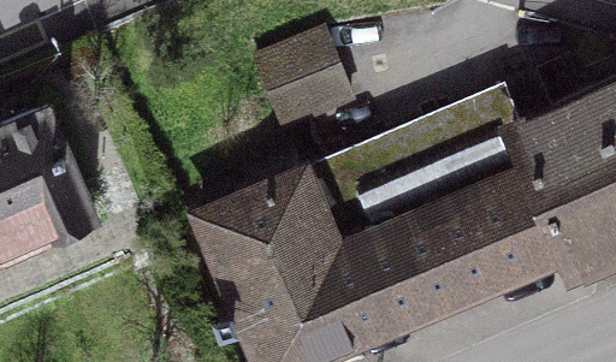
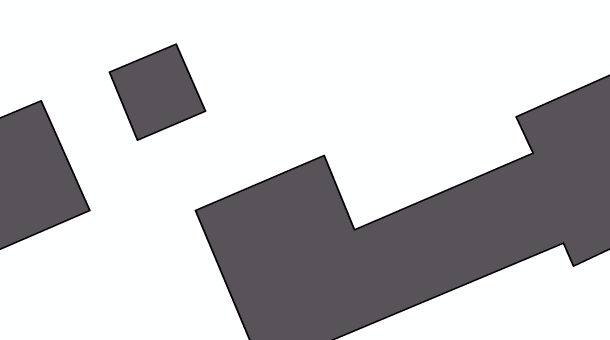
building: [255,38,350,133] -> [110,44,205,140]
building: [327,94,534,241] -> none

